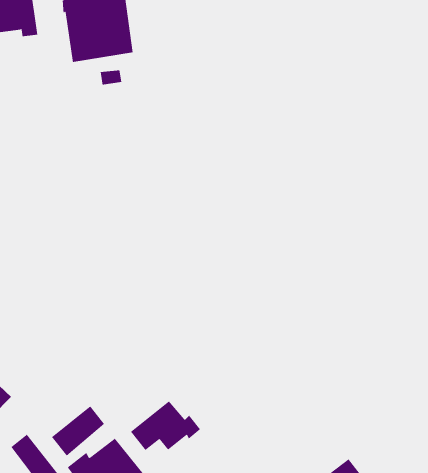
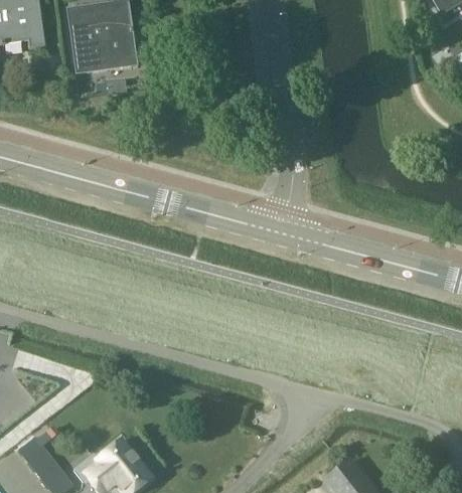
building: [130,401,201,451] -> none
building: [51,405,105,457] -> none

